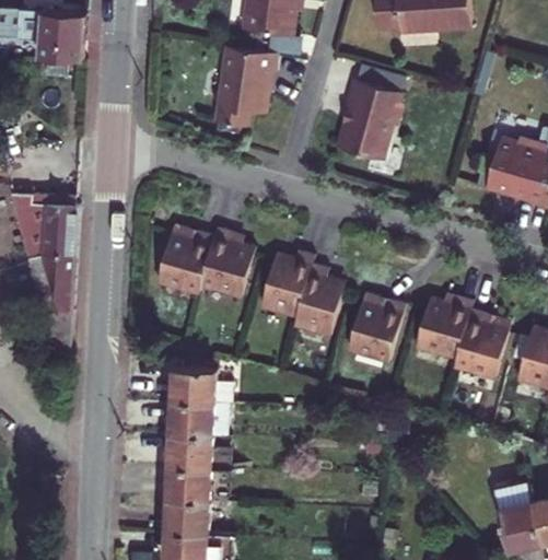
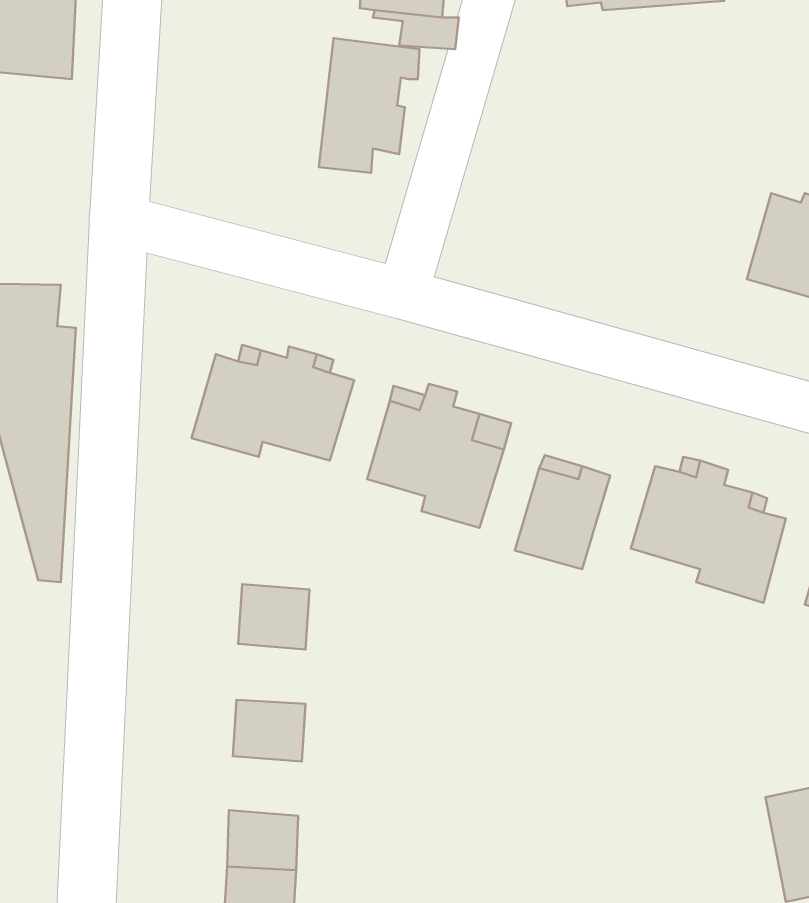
building: [337,79,399,159] -> none
building: [179,401,233,439] -> none
building: [175,467,218,502] -> none

